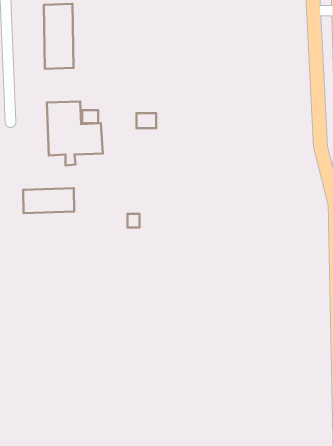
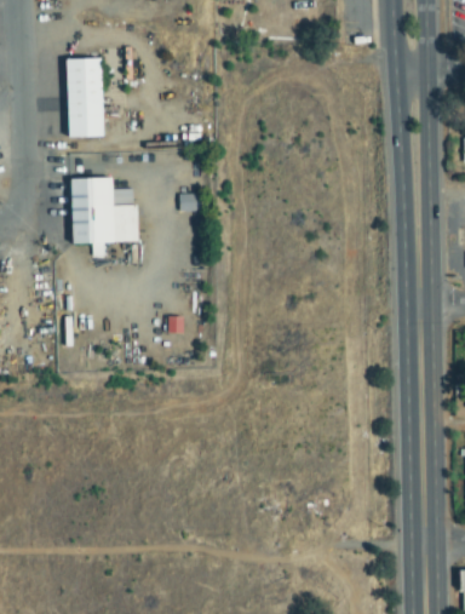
building: [23,188,74,213] -> none

